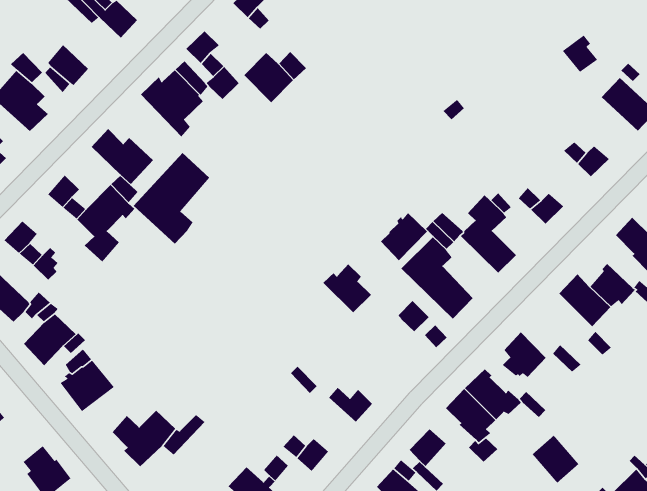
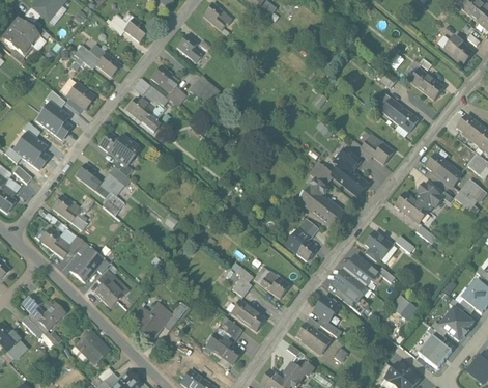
building: [133,152,210,244] -> none
building: [380,212,428,261] -> none
building: [322,264,372,313] -> [286,230,317,260]

